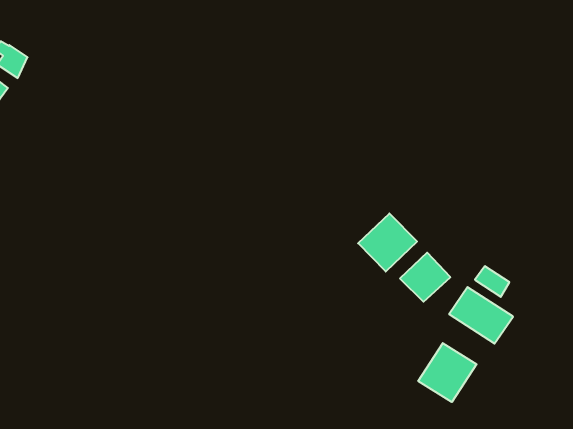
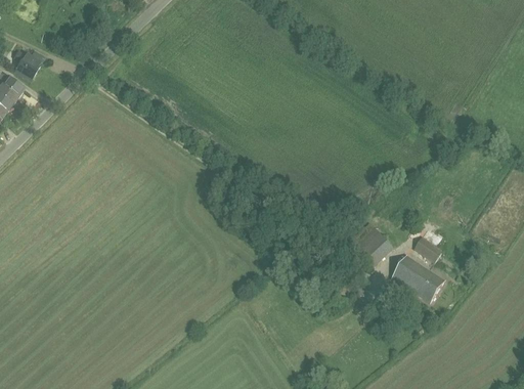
building: [358,213,417,272] -> none
building: [418,343,477,402] -> none

